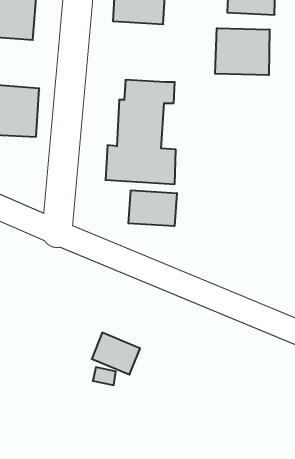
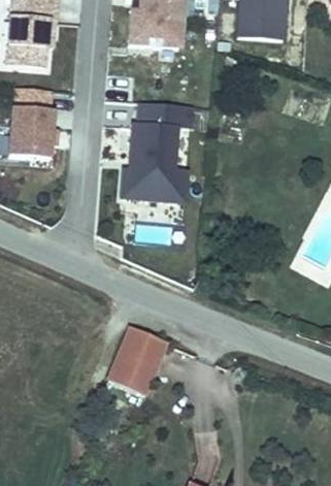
building: [215,28,270,75] -> none
building: [128,190,177,226] -> none
building: none -> [119,324,166,364]

